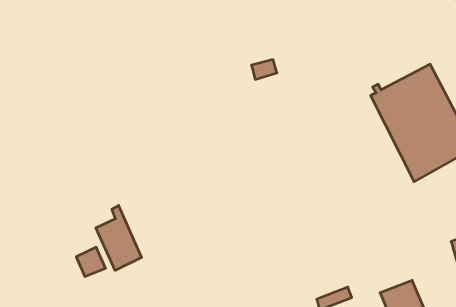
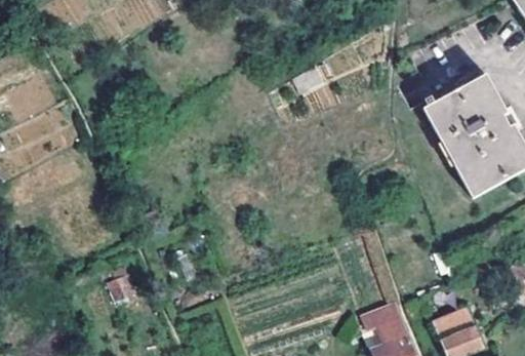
building: [96,205,142,270] -> none

